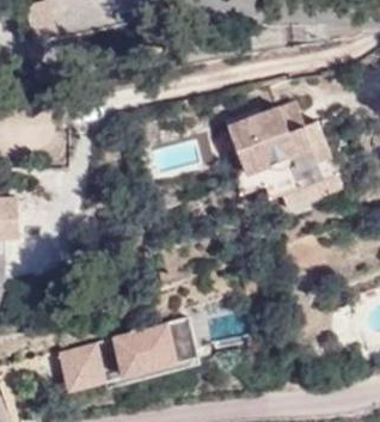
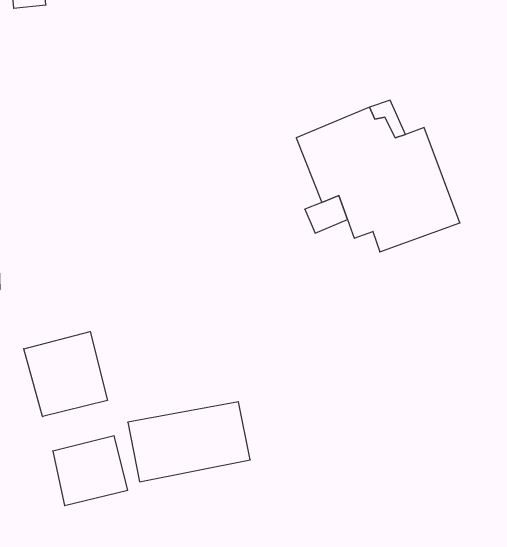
building: none -> [24,332,107,417]

